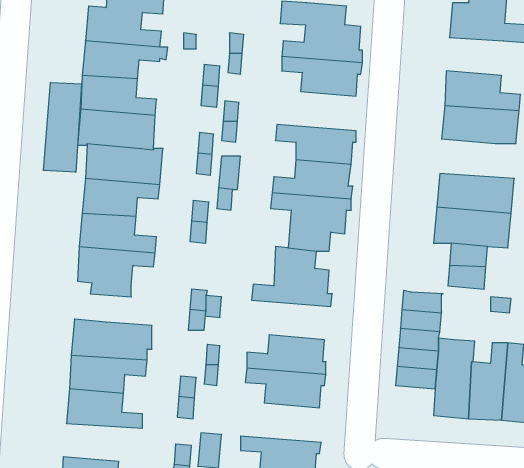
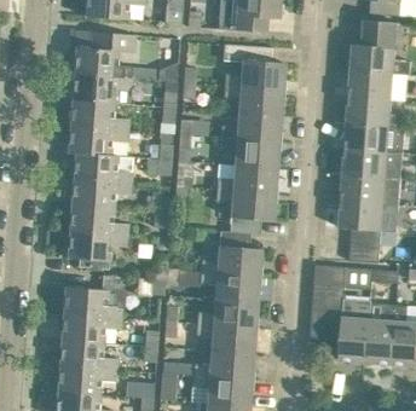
building: none -> [349,71,393,100]
building: [43,82,81,172] -> none
building: none -> [220,112,282,143]
building: none -> [345,149,403,179]
building: none -> [200,272,261,302]
building: none -> [192,351,254,381]
building: none -> [57,366,117,395]

